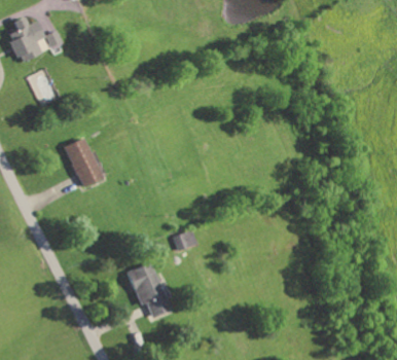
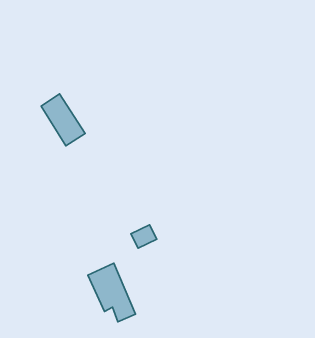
building: [64,138,102,187] -> [41,94,85,146]

